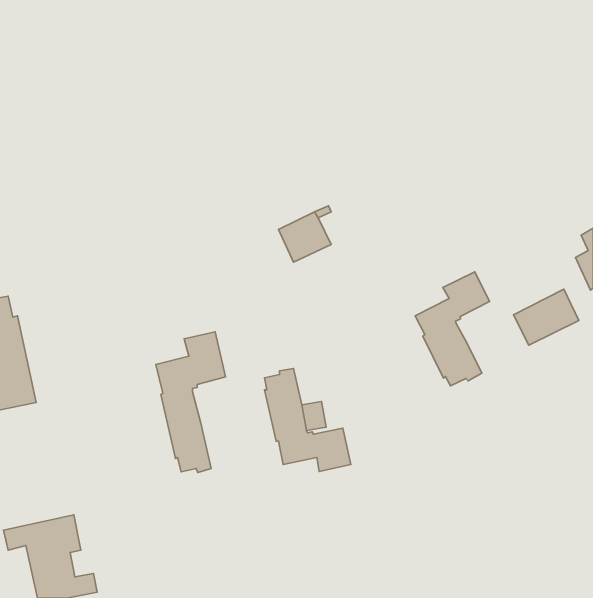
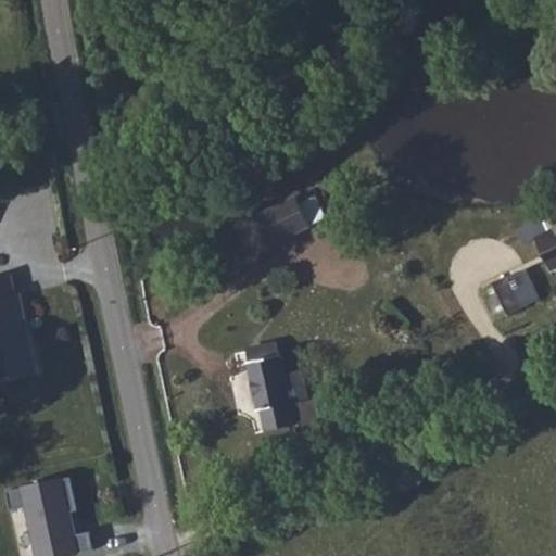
building: [415,272,489,386] -> none
building: [156,332,226,473] -> none

